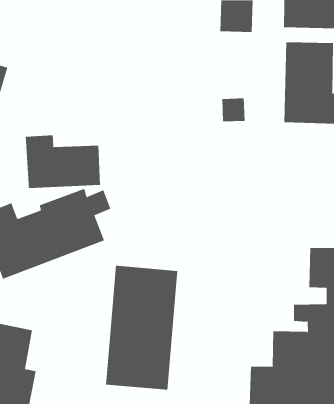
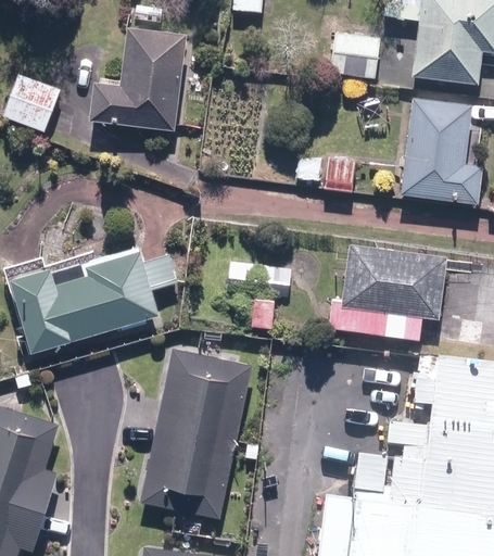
building: none -> [90,26,183,130]
building: [25,134,101,189] -> none
building: none -> [324,242,445,339]

